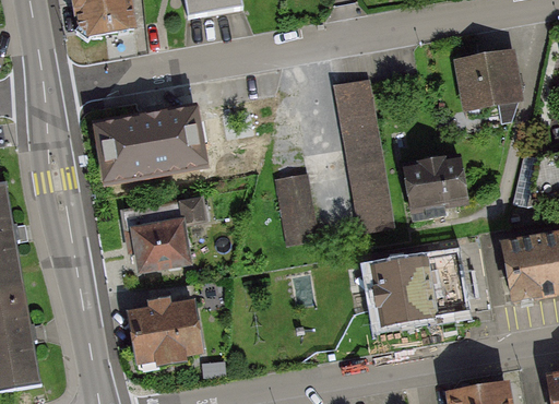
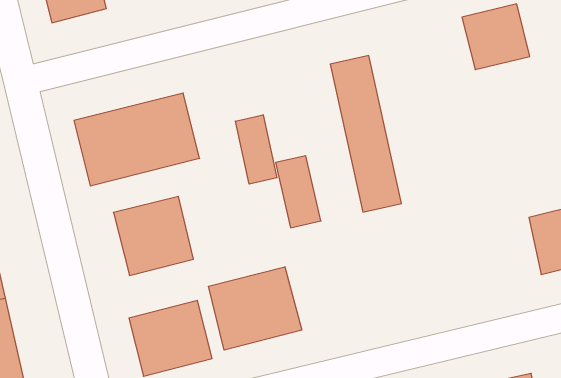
building: none -> [235,115,277,184]
building: [411,158,465,215] -> none
building: [366,250,468,321] -> none
building: none -> [209,267,302,350]

